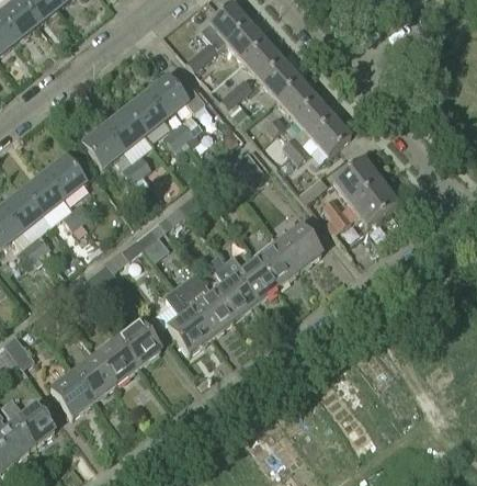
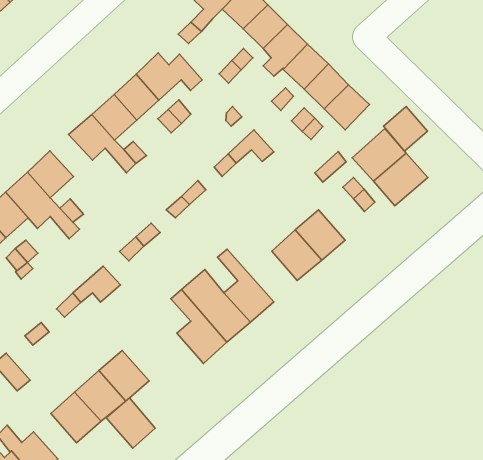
building: none -> [383,106,427,151]
building: [216,252,276,303] -> none
building: [117,320,160,365] -> [106,398,155,448]

